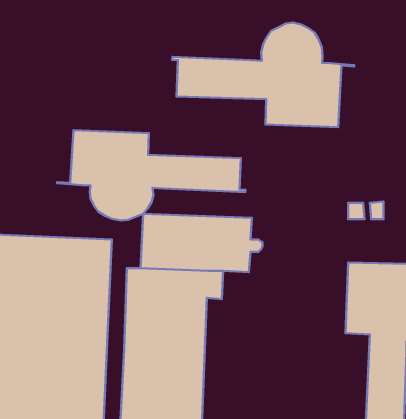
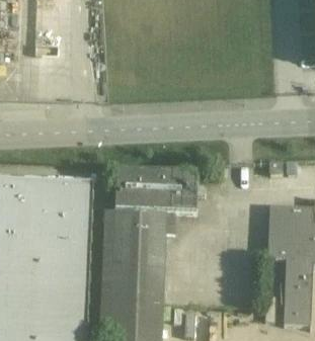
building: [172,22,354,127] -> none
building: [57,130,245,221] -> none

